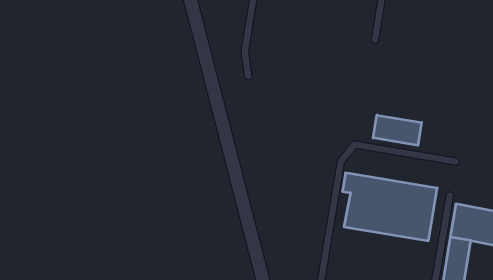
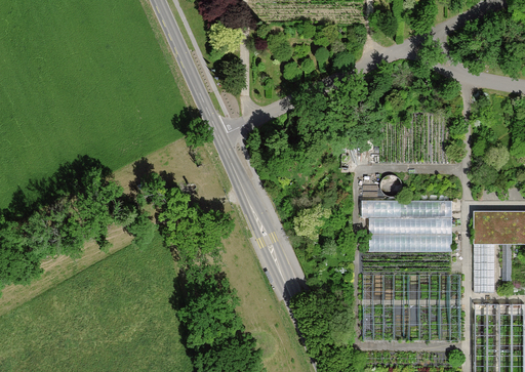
building: [373,115,422,145] -> none

